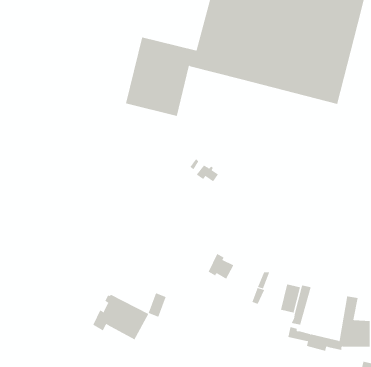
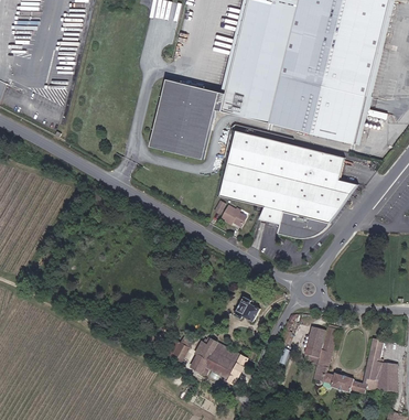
building: none -> [218,129,357,241]
building: [92,294,149,340] -> [190,340,247,386]

